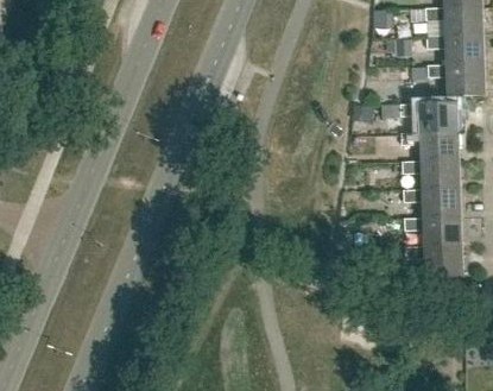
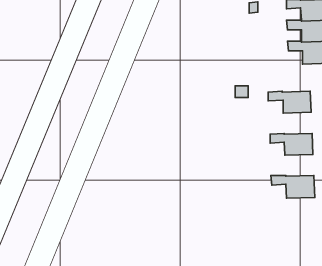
building: [398,103,456,134] -> none
building: [400,162,459,191] -> none
building: [403,219,461,248] -> none

